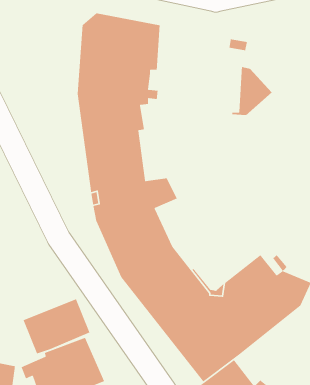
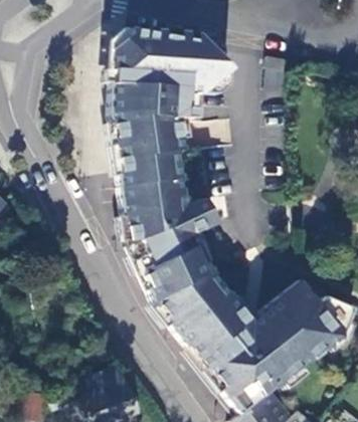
building: [232,66,272,116] -> [186,43,228,94]
building: [22,298,90,354] -> none

